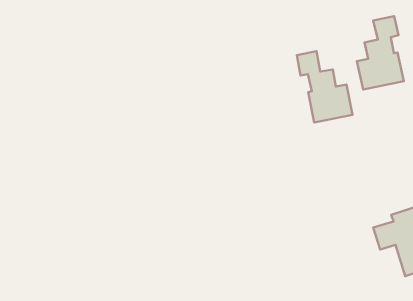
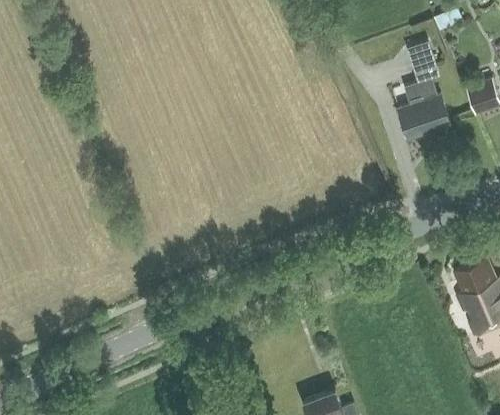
building: [297,51,352,122] -> none

